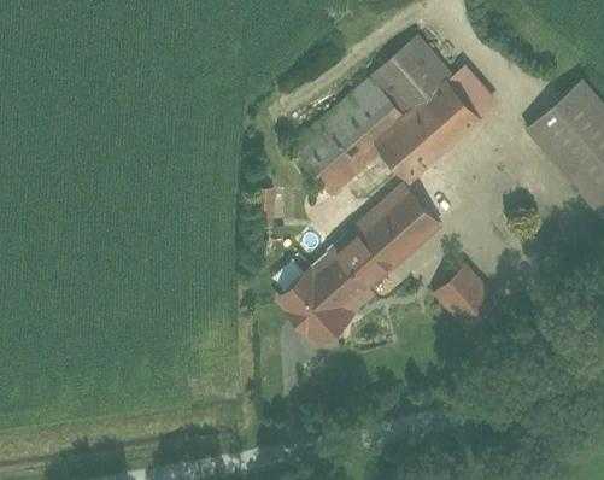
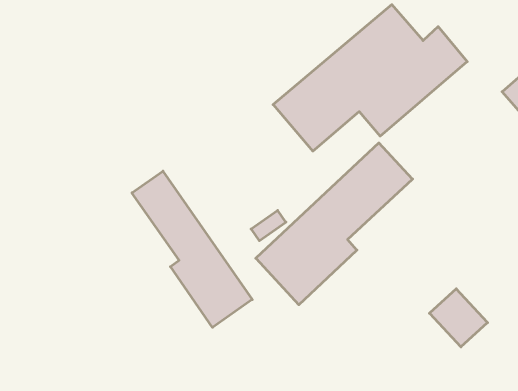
building: none -> [132,171,252,327]
building: [436,268,497,328] -> [429,289,488,347]

